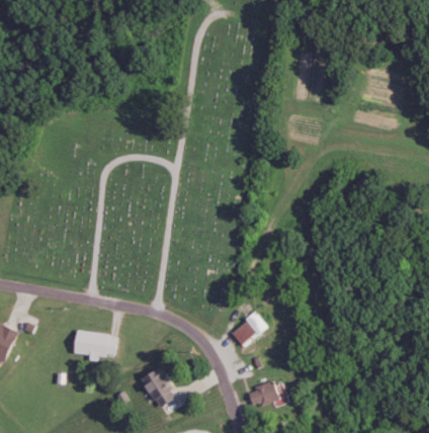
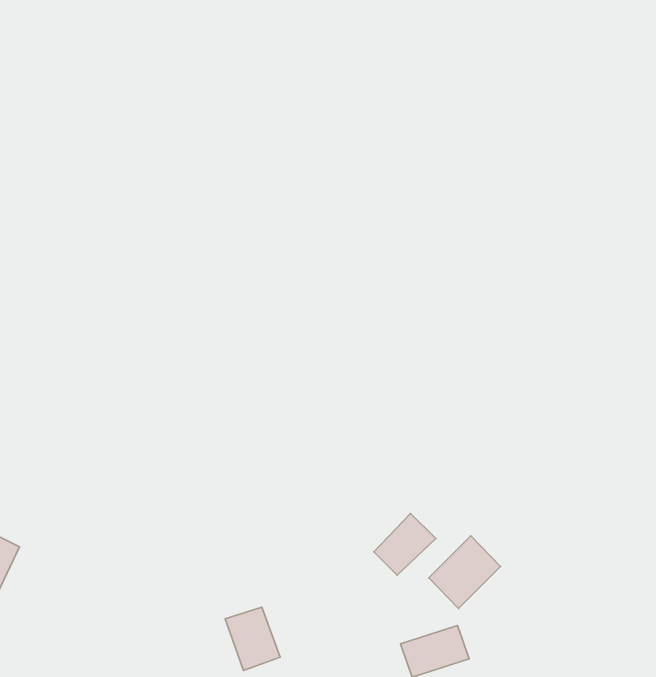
building: none -> [429,536,501,609]
building: [73,332,116,357] -> none

